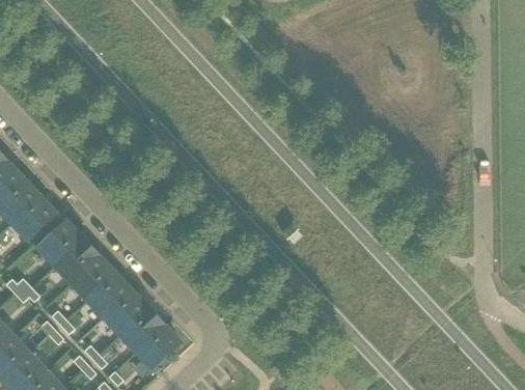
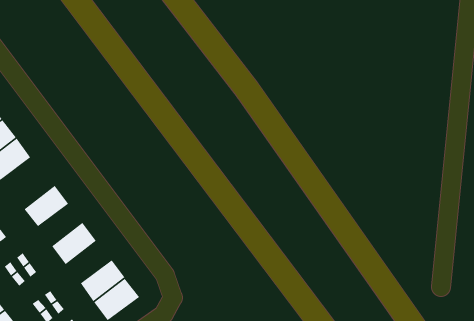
building: [37,220,83,266] -> none
building: [71,255,115,300] -> none
building: [103,289,148,334] -> none

